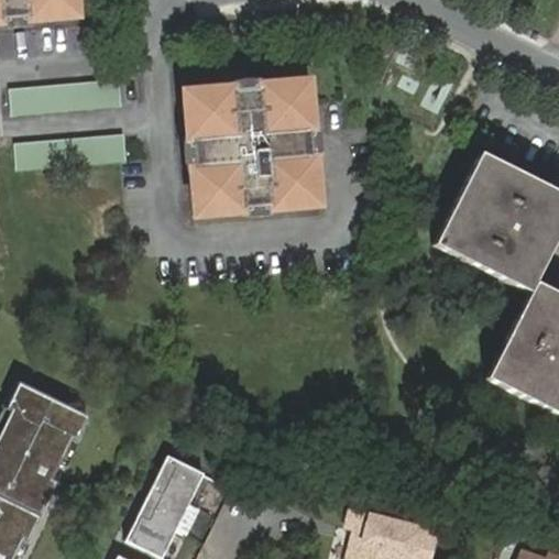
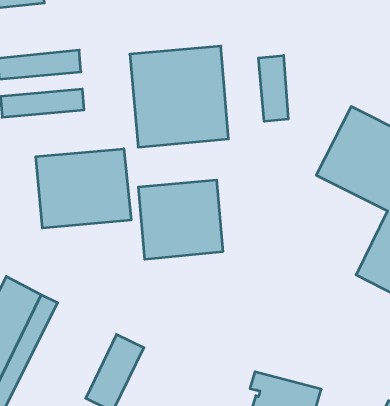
building: none -> [259,55,288,121]
building: none -> [36,149,131,228]
building: none -> [138,180,223,259]

